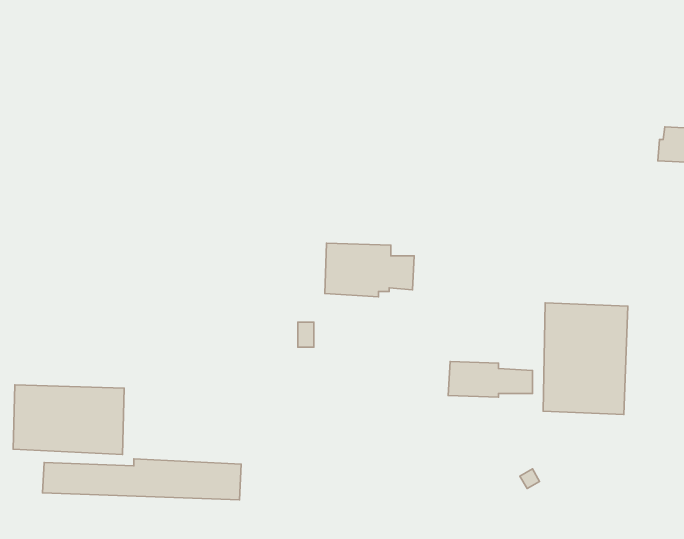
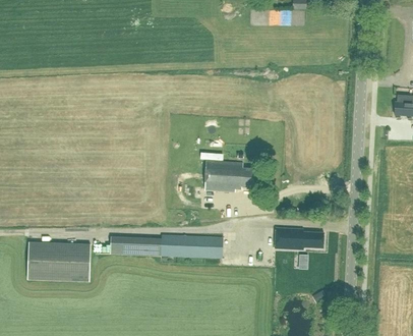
building: [543,303,628,415] -> none
building: [43,459,241,500] -> [110,235,223,259]

